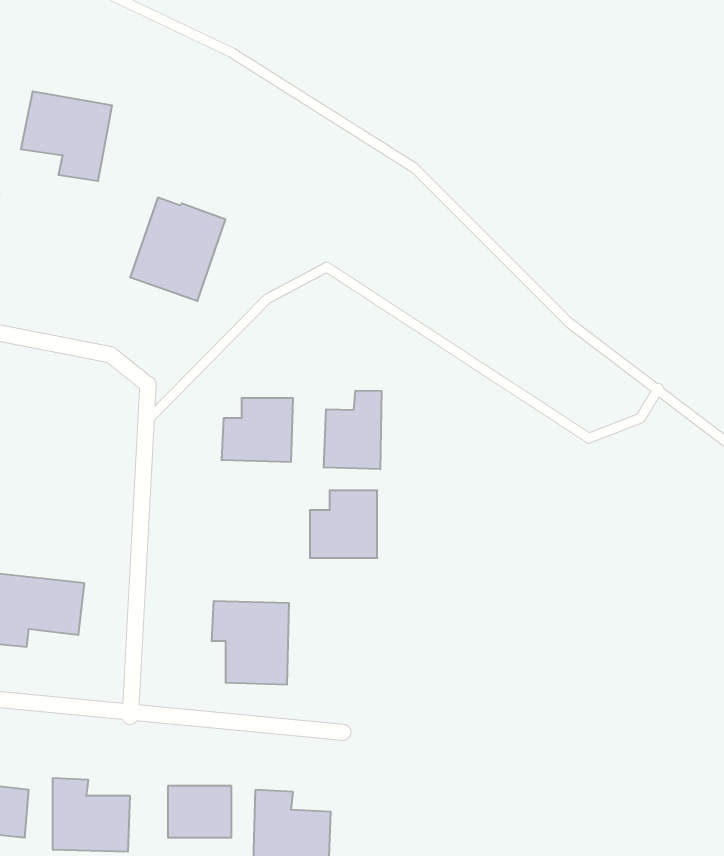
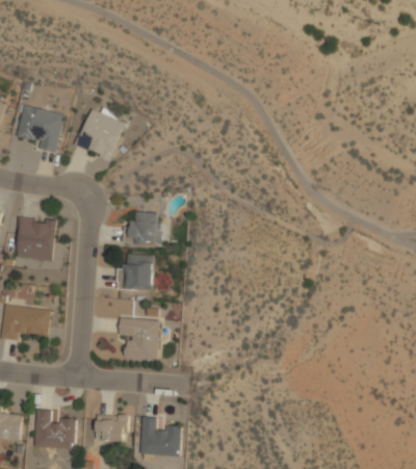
building: [21,91,112,181] -> [17,105,64,152]
building: [324,391,382,469] -> none
building: none -> [16,216,56,261]
building: [310,490,377,558] -> [118,254,153,289]

